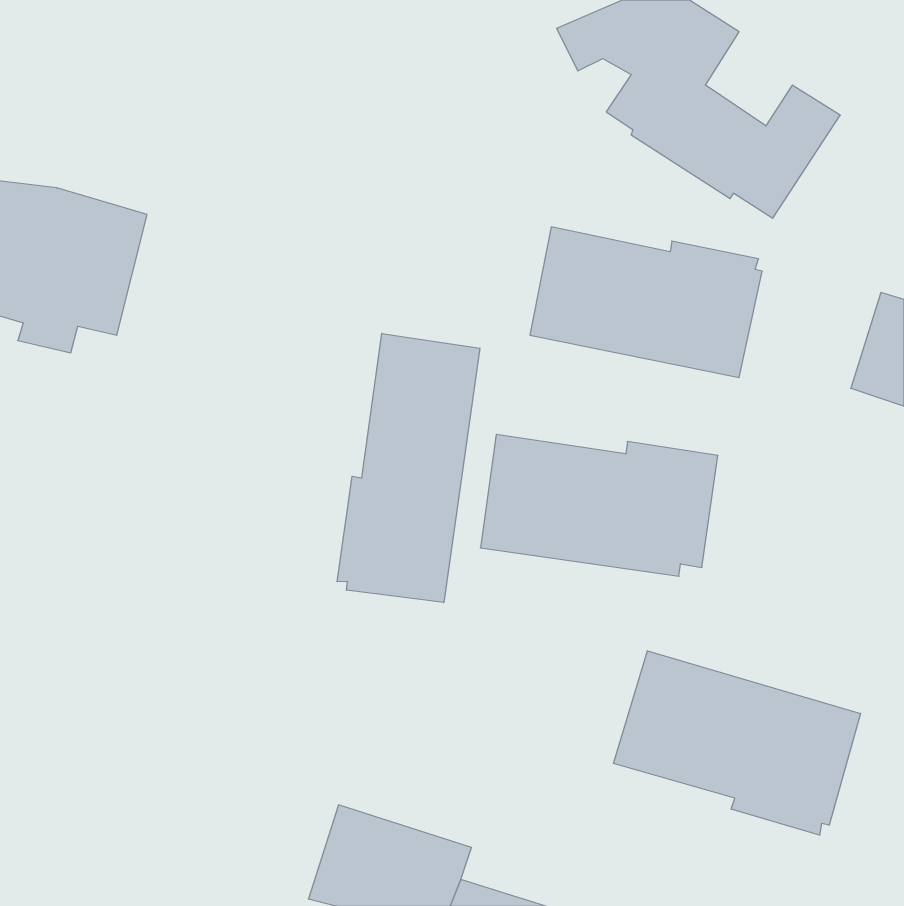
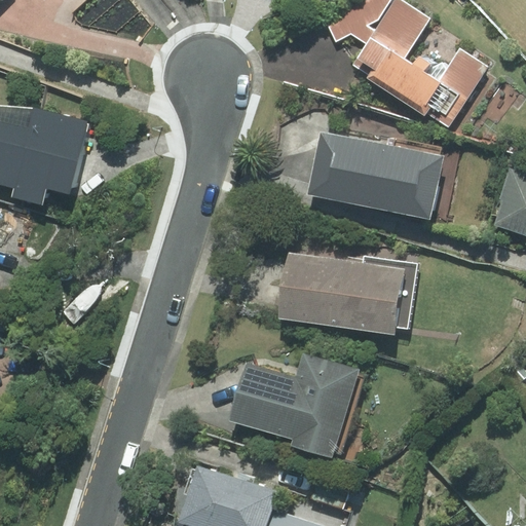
building: [337,333,480,603] -> none
building: none -> [230,356,362,458]
building: [614,651,860,835] -> none

